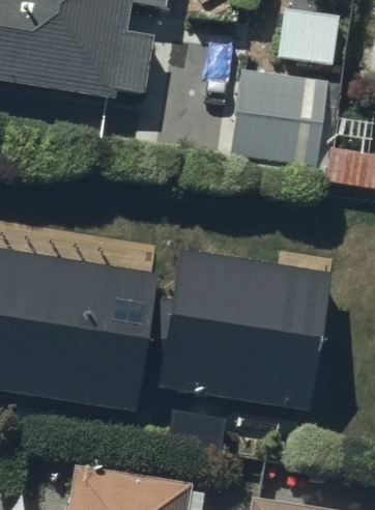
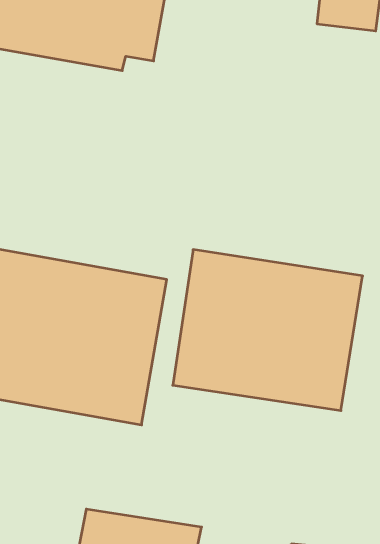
building: [233,73,325,164] -> none

